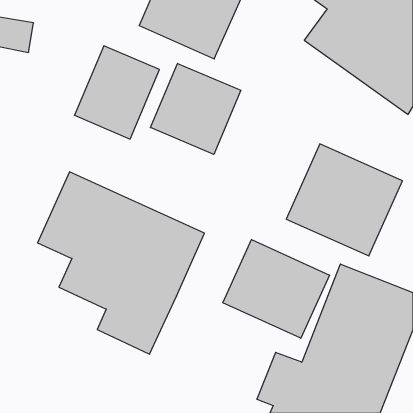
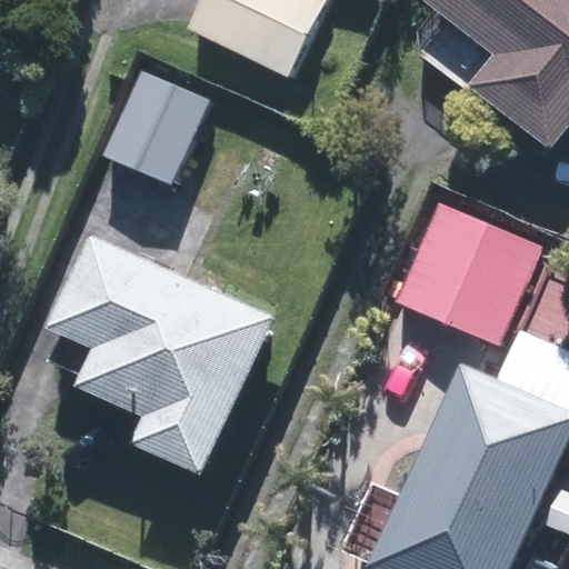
building: [150,63,241,154] -> none
building: [223,240,329,338] -> none

